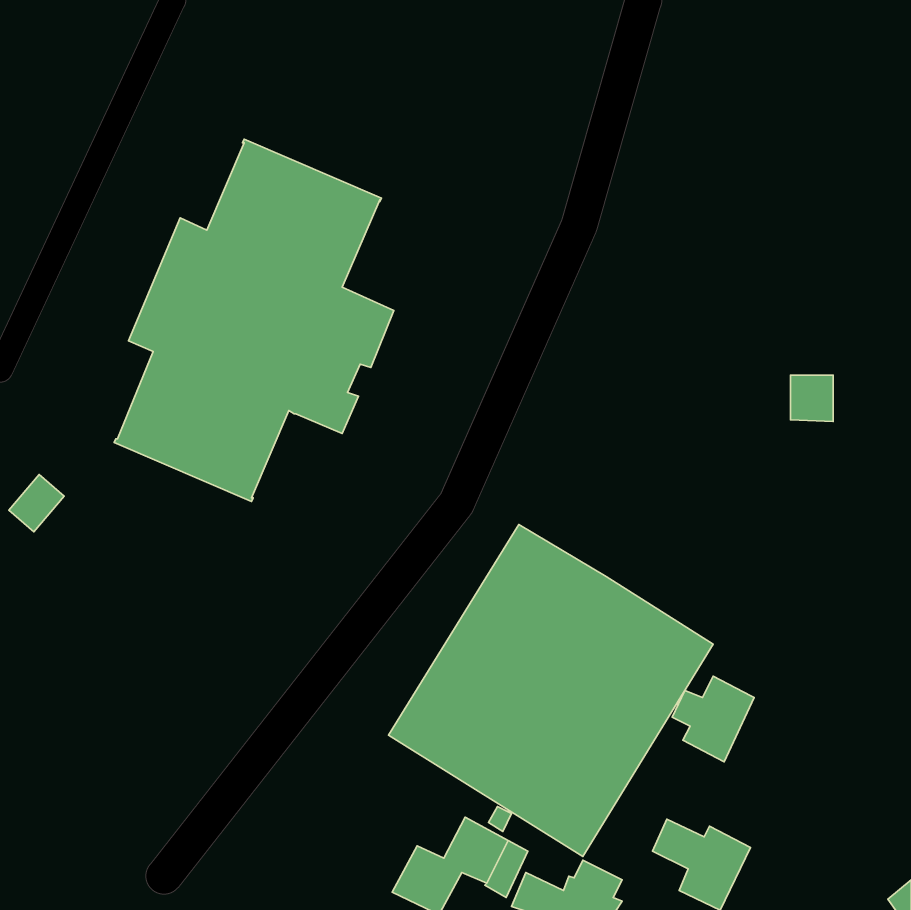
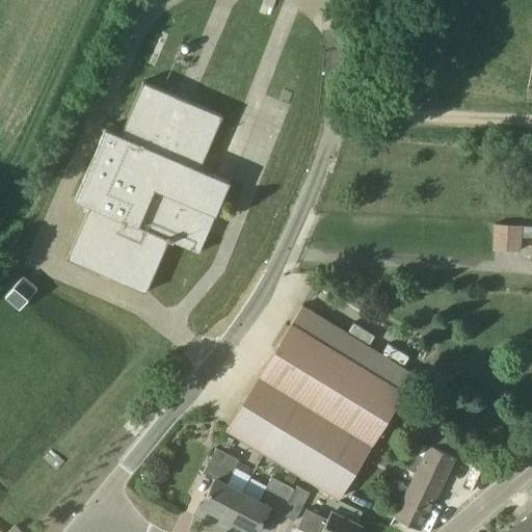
building: [790,375,833,421] -> [496,227,521,254]
building: [672,676,754,762] -> [407,445,455,495]
building: none -> [202,449,243,521]

